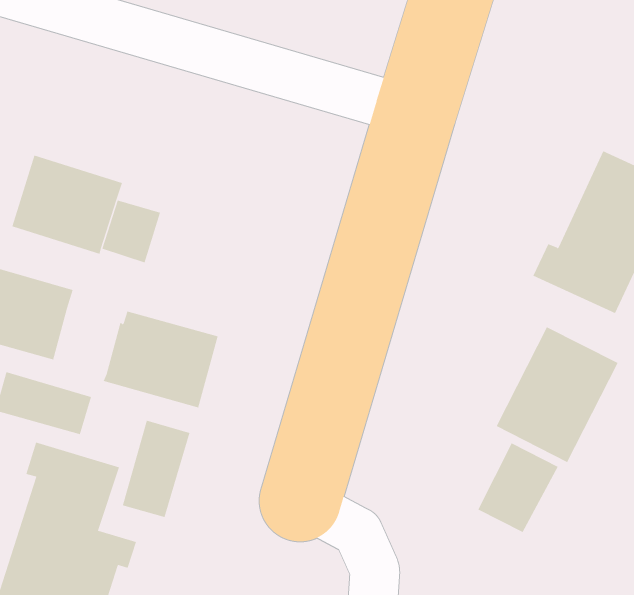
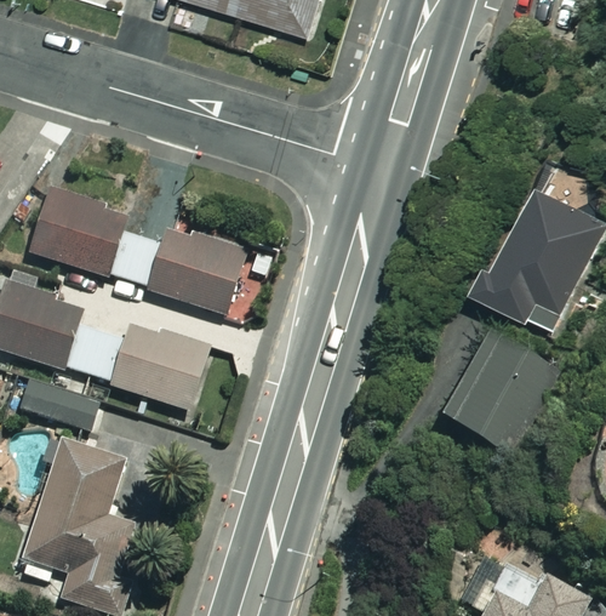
building: none -> [148,226,262,318]
building: none -> [67,321,124,378]
building: [122,420,190,518] -> none
building: [477,443,558,533] -> none

